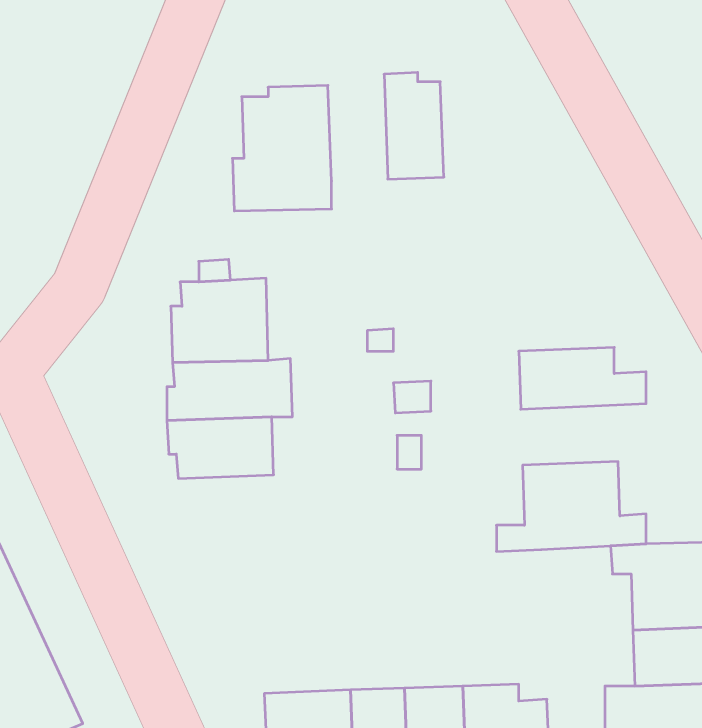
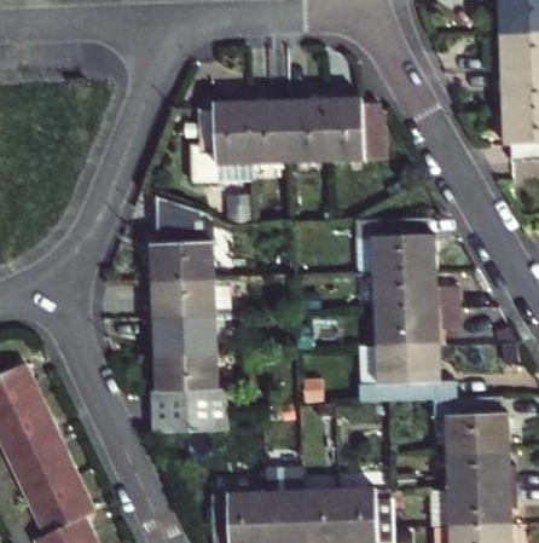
building: none -> [251,94,290,163]
building: none -> [324,98,379,161]
building: none -> [353,218,436,275]
building: none -> [376,307,458,347]
building: none -> [150,353,227,433]

